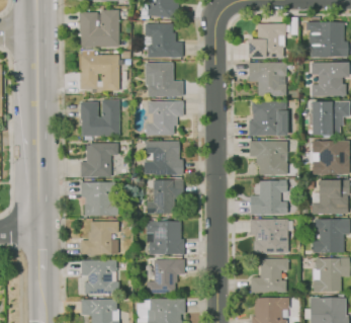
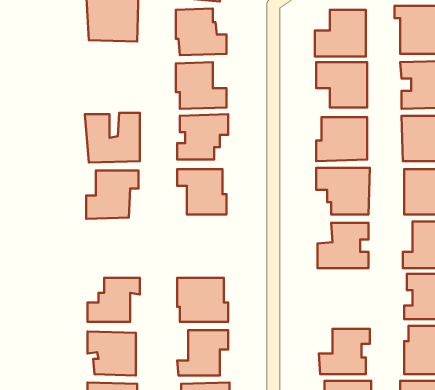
building: [81,55,119,88] -> none
building: [147,179,184,213] -> none
building: [80,181,119,216] -> none
building: [251,219,288,252] -> none

